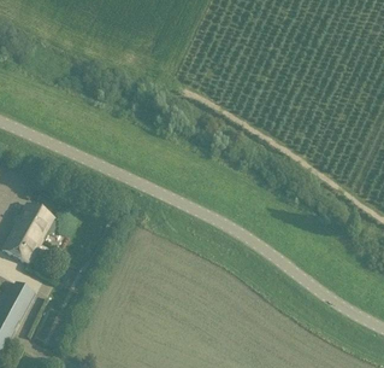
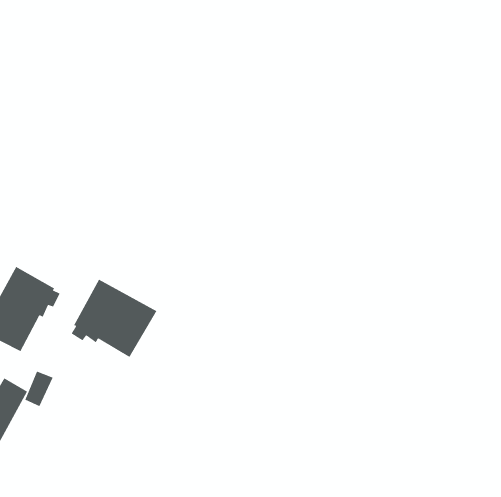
building: none -> [71,279,157,358]

